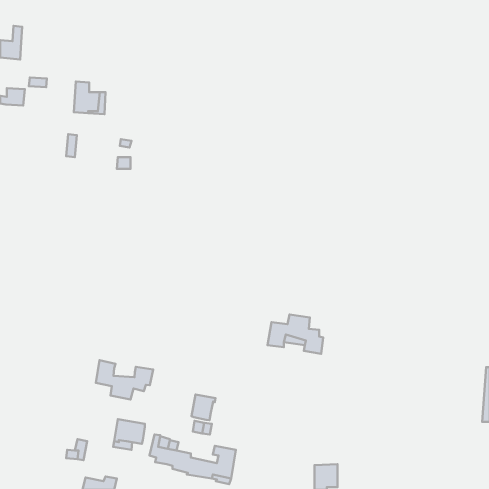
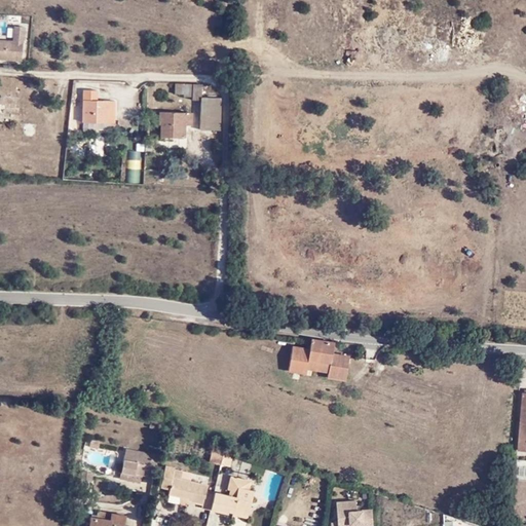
building: none -> [177,84,221,130]
building: none -> [159,113,194,138]
building: [96,360,153,399] -> none
building: [192,395,216,420] -> none

